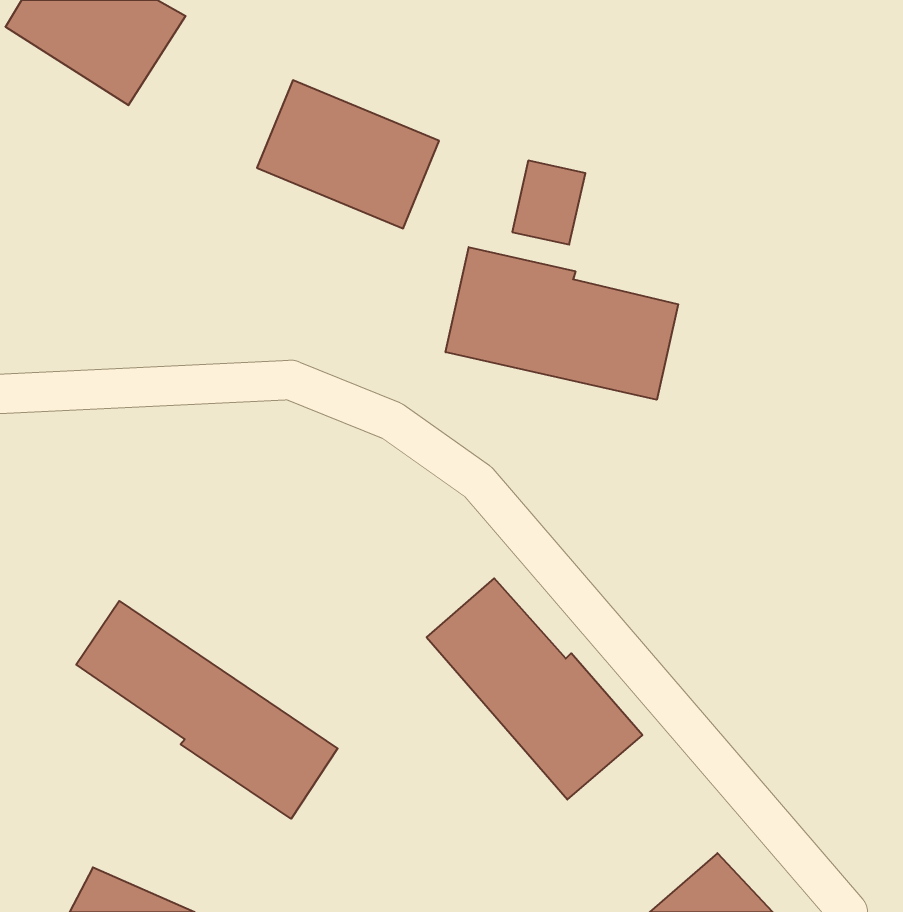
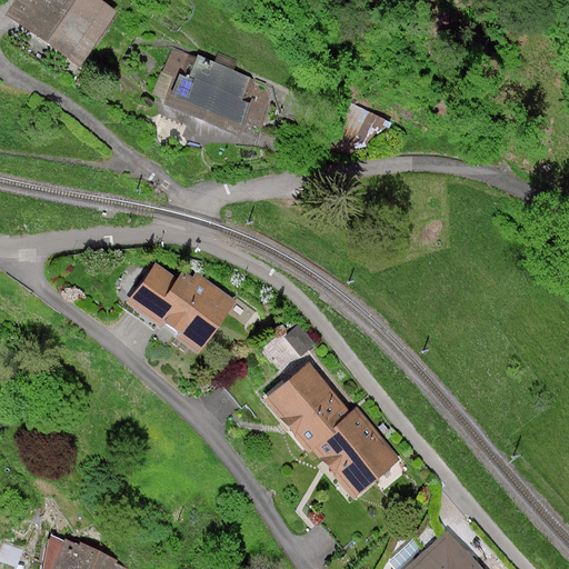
building: [446,247,678,400] -> none
building: none -> [126,259,241,359]
building: [76,601,338,819] -> none

